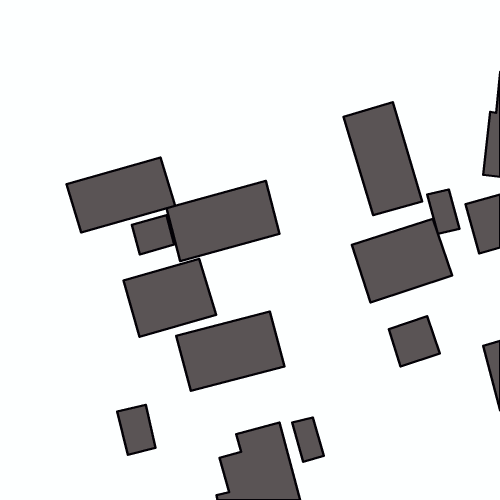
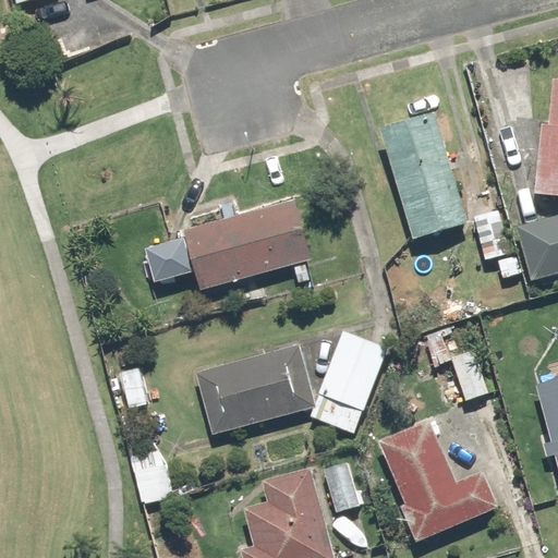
building: [67,157,175,232] -> none
building: [352,219,452,302] -> none
building: [123,259,216,337] -> none
building: none -> [312,332,386,433]
building: none -> [378,420,497,542]

